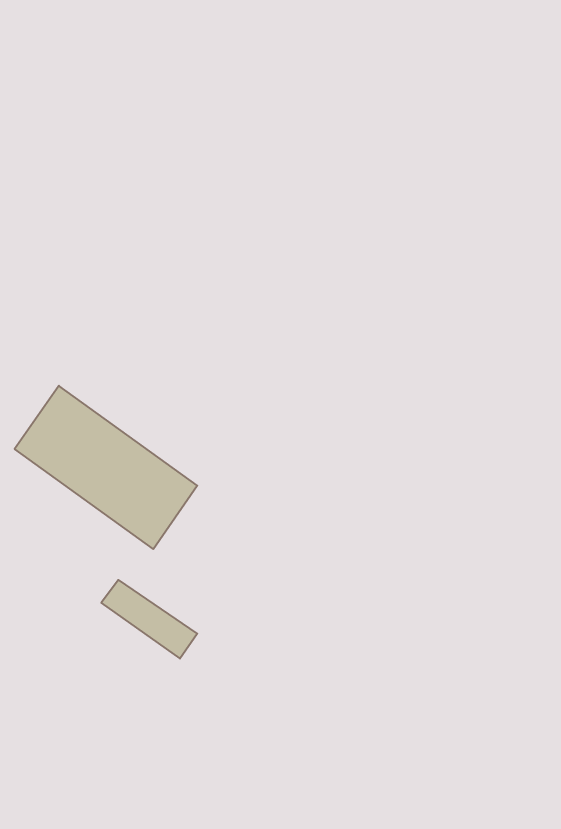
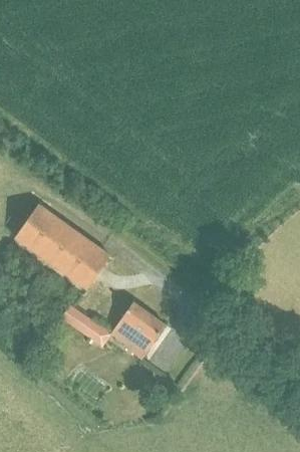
building: none -> [108,300,164,359]

